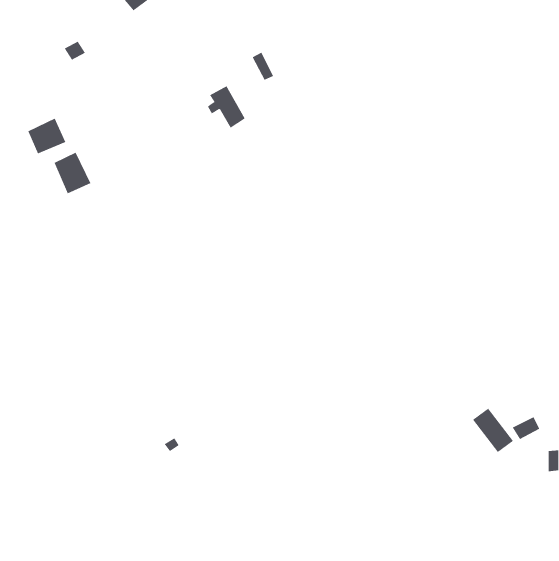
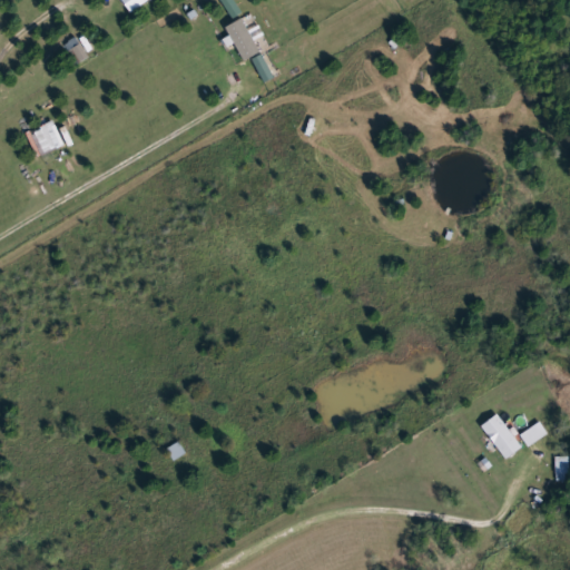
building: [207,85,246,128] -> [225,17,264,60]
building: [54,152,91,194] -> none

